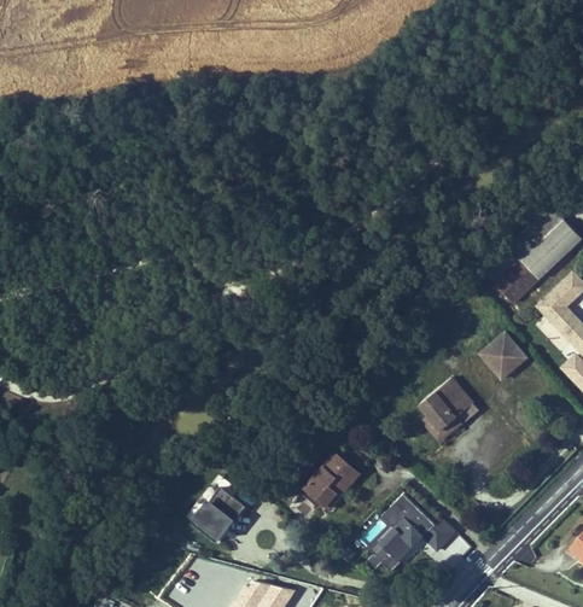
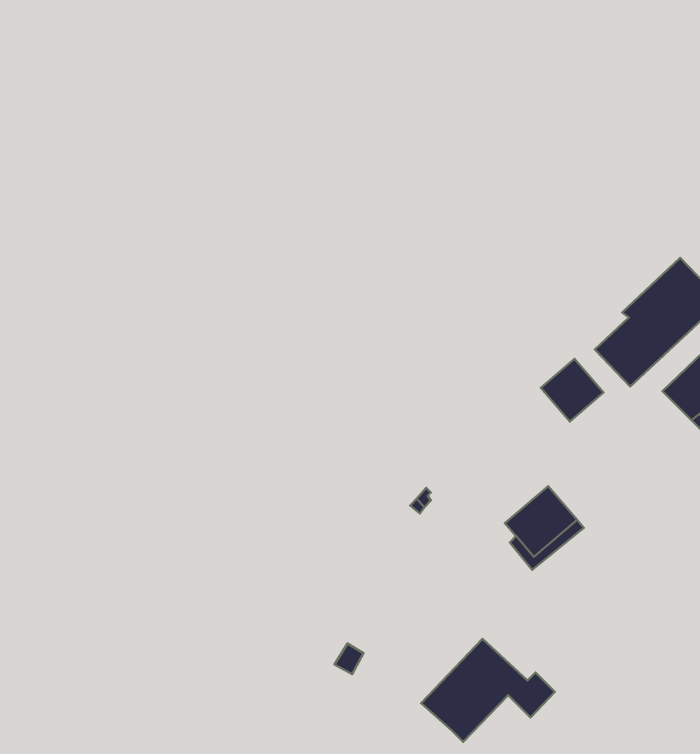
building: [483,333,530,380] -> [541,359,604,422]
building: [299,451,355,507] -> none
building: [188,489,240,544] -> none

